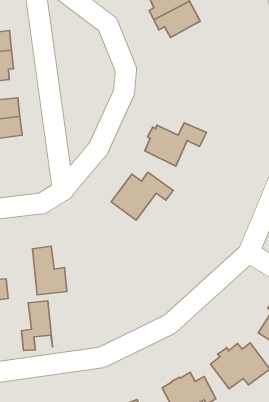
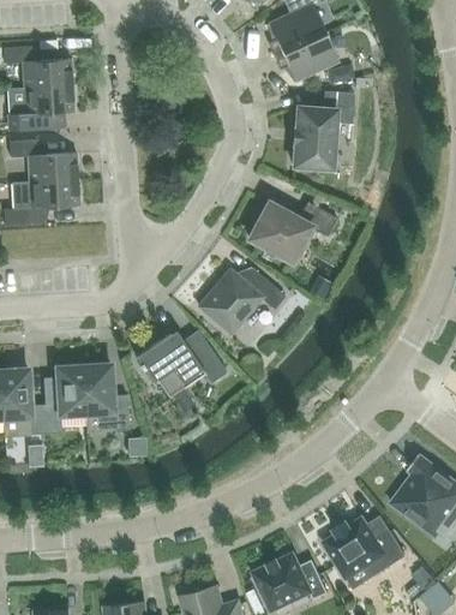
building: none -> [292,91,353,168]
building: none -> [134,332,226,398]
building: [21,301,52,350] -> [43,365,85,432]

